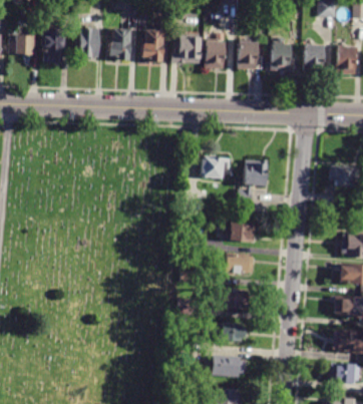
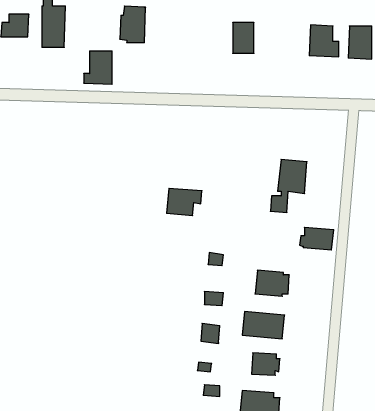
building: [74,28,98,56] -> [84,51,112,84]
building: [142,30,164,62] -> none
building: [171,37,202,64] -> none
building: [238,42,263,69] -> none
building: [201,156,231,179] -> [167,188,202,216]
building: [227,224,256,243] -> [300,227,334,250]

